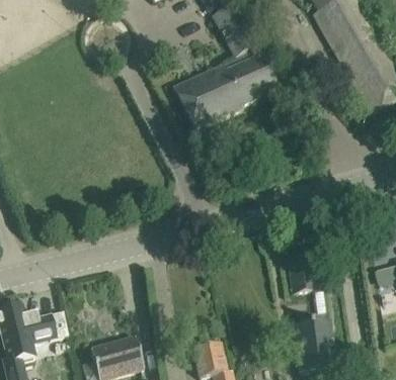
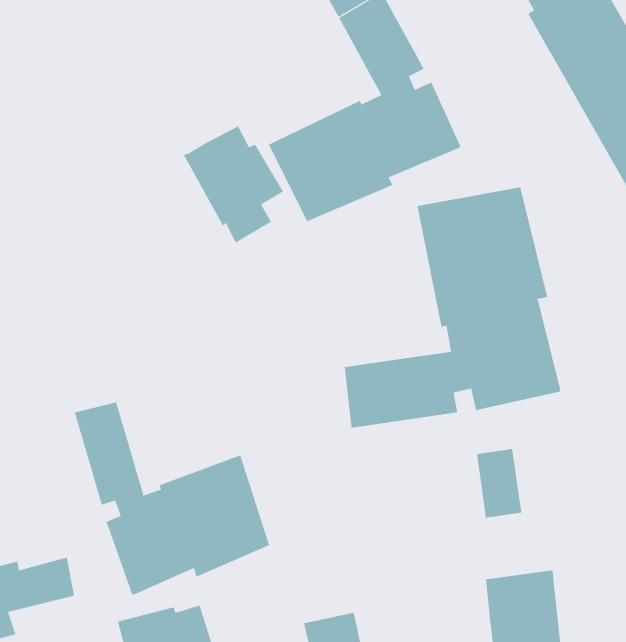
building: none -> [183,126,284,244]
building: none -> [344,186,561,428]
building: none -> [74,401,270,595]

